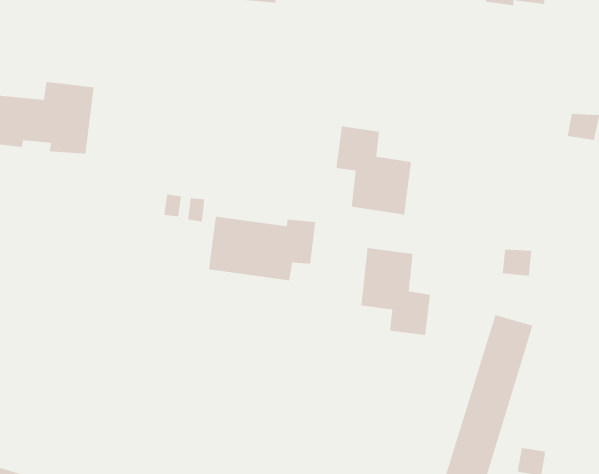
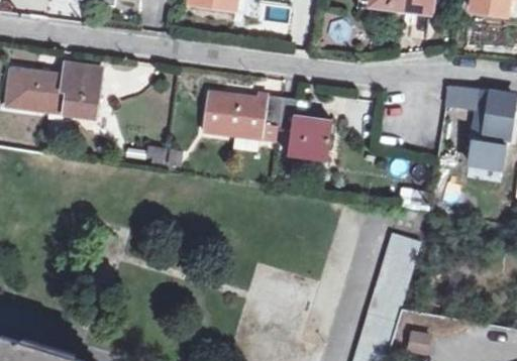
building: [208,216,316,281] -> [202,92,281,139]
building: [361,247,431,336] -> none

